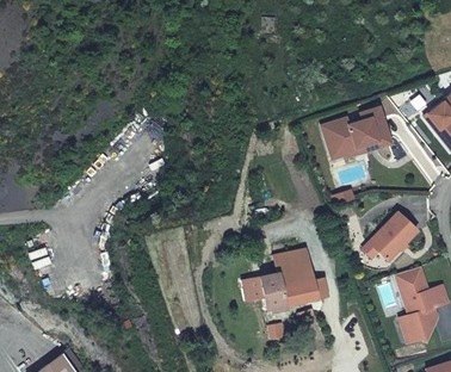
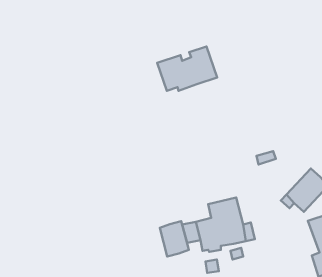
building: [319,105,393,160] -> [157,46,217,91]
building: none -> [160,221,189,256]

